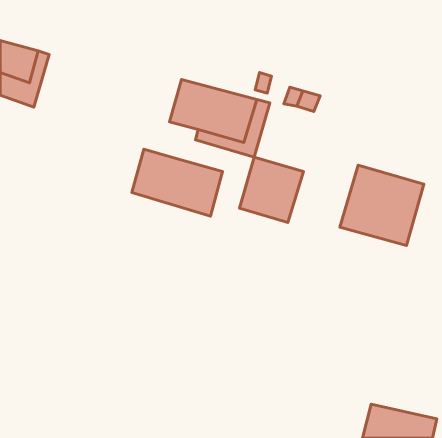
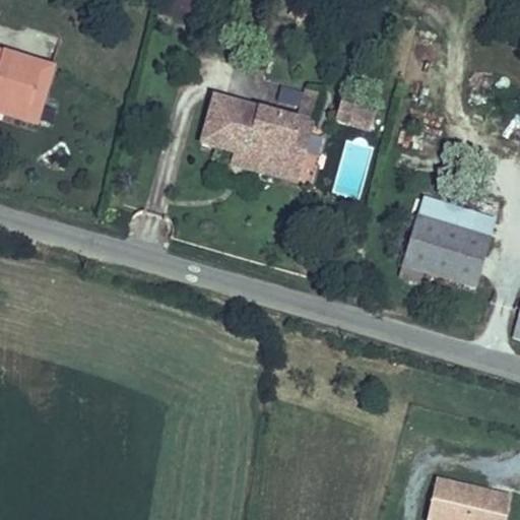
building: [132,149,222,216] -> none
building: [240,157,304,222] -> none

